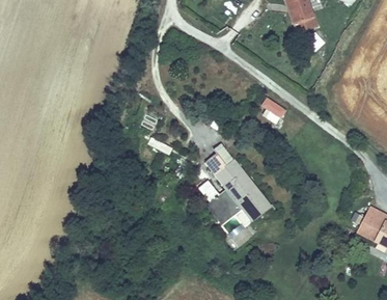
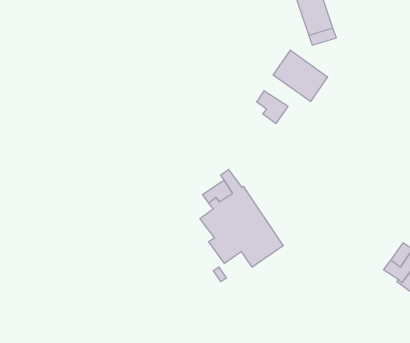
building: none -> [273,50,328,102]

